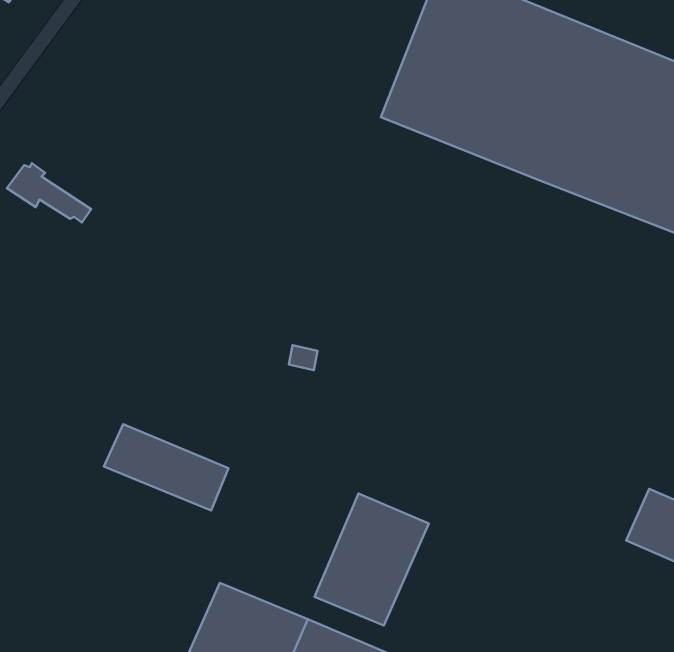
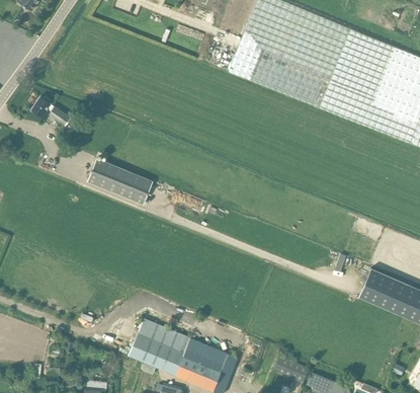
building: [104,424,229,510] -> [87,157,153,203]
building: [314,493,429,625] -> none

